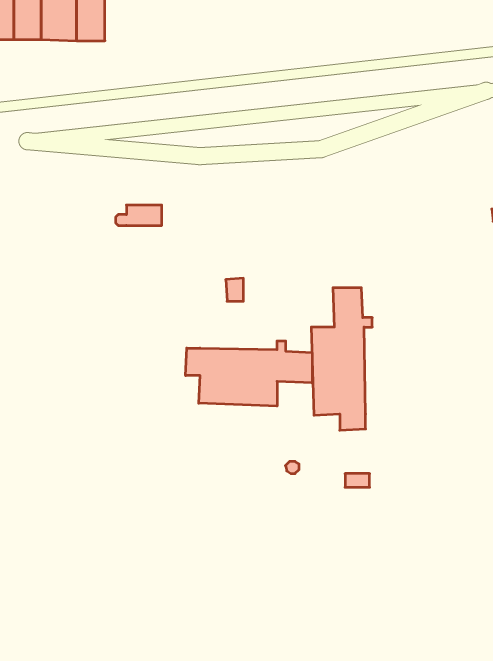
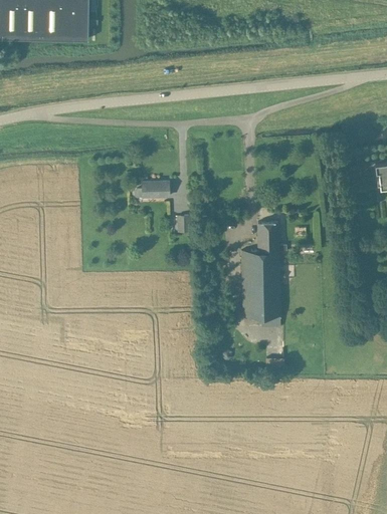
building: [116,205,162,225] -> [134,181,168,196]
building: [186,341,312,406] -> none

